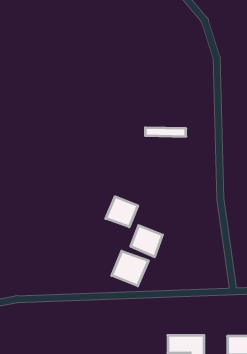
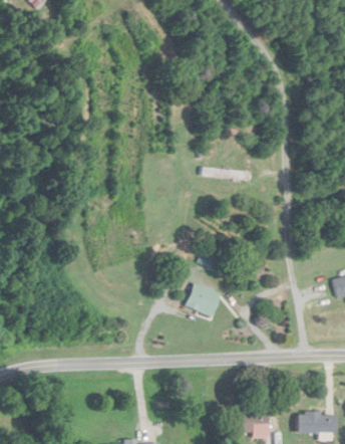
building: [106,197,138,227] -> none
building: [112,251,148,286] -> none

